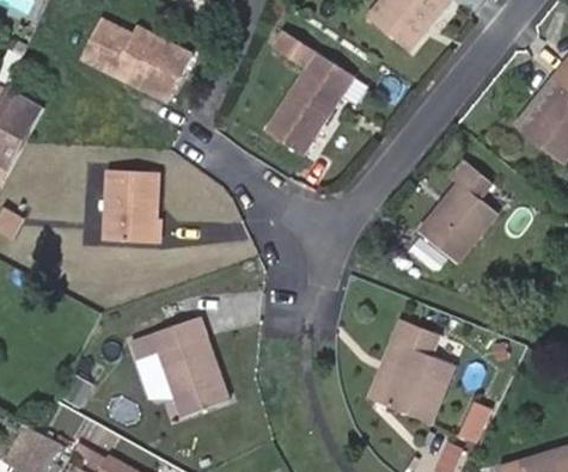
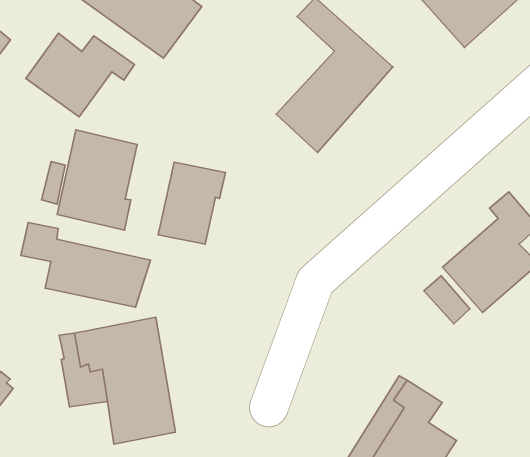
building: none -> [26,33,134,117]
building: none -> [158,162,225,244]
building: none -> [21,223,150,307]

